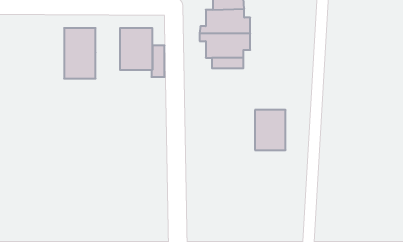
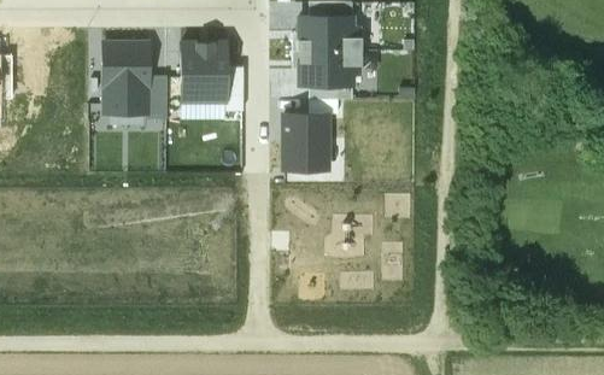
building: none -> [146,76,166,118]
building: [255,110,286,150] -> [283,113,326,169]

